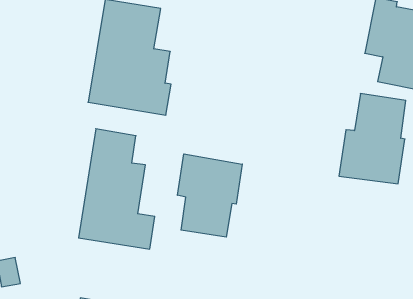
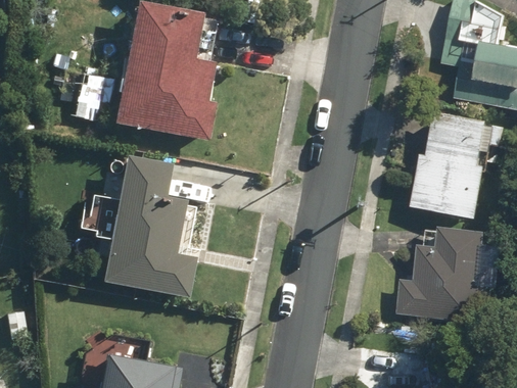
building: [177,154,242,237] -> none
building: none -> [397,228,486,320]

